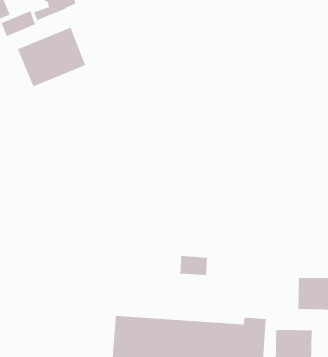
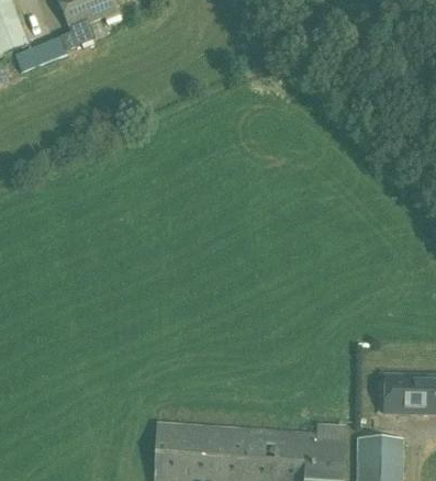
building: [17,27,86,87] -> none
building: [180,255,207,276] -> none

